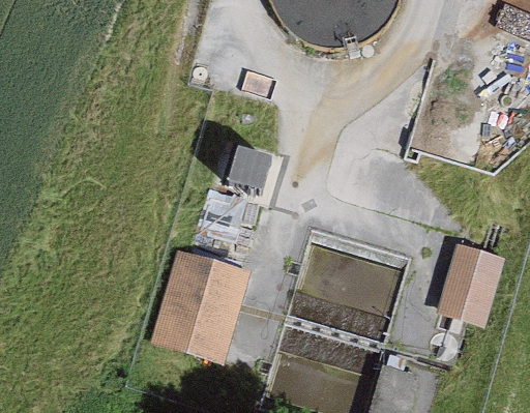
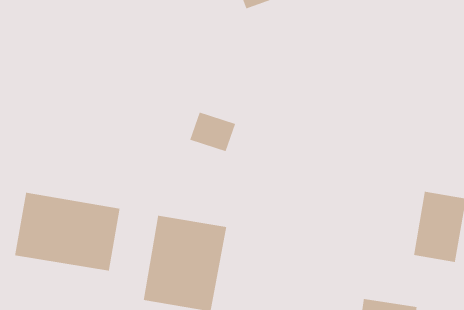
building: none -> [14,192,121,271]

